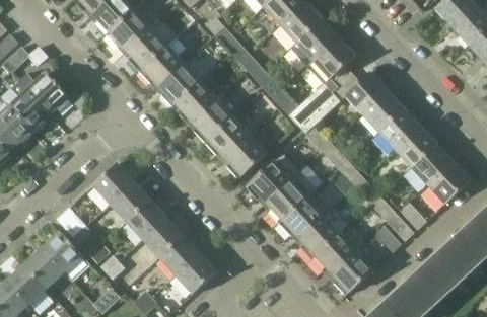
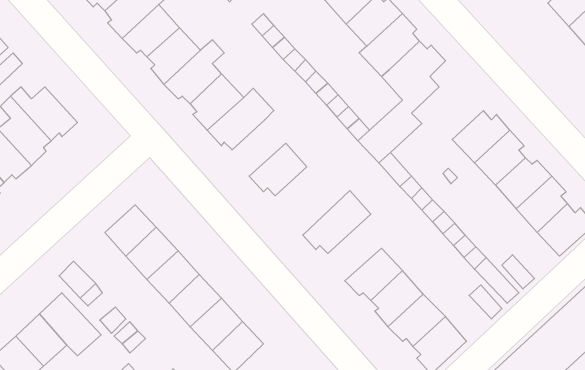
building: [330,70,386,113] -> none
building: [191,98,232,142] -> none
building: [224,135,266,178] -> none
building: [265,171,316,223] -> none

